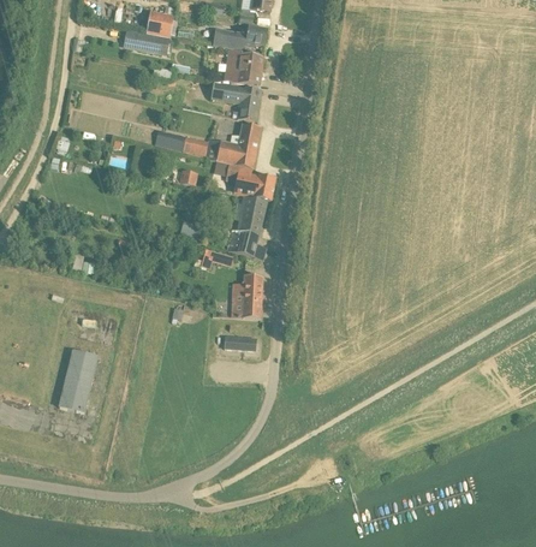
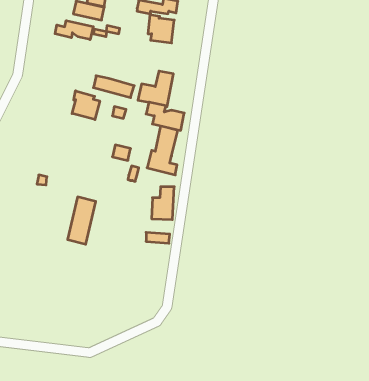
building: none -> [55,21,93,40]
building: [212,82,261,121] -> none
building: none -> [72,91,100,120]
building: [60,350,97,412] -> [68,197,96,244]

